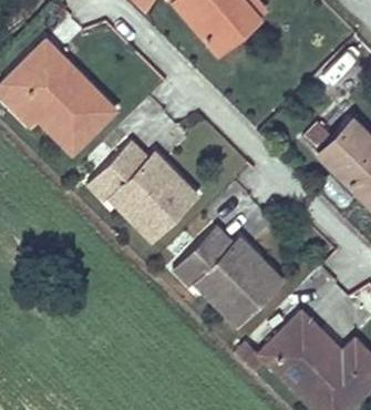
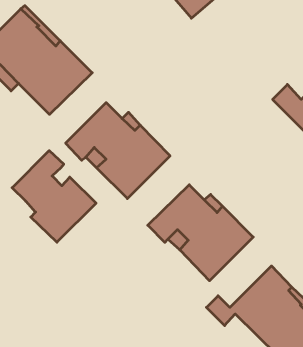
building: none -> [12,151,96,242]

